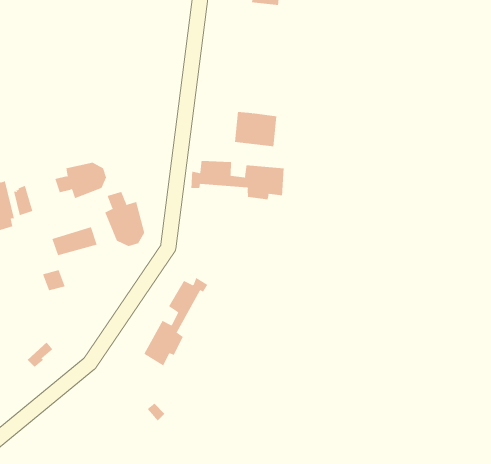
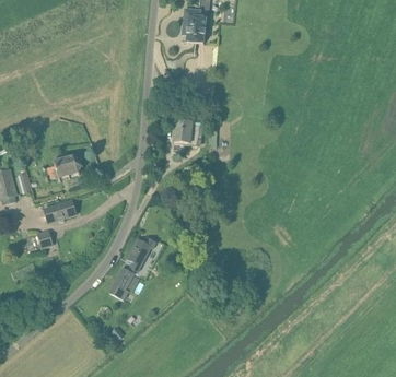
building: [191,160,284,200] -> none
building: [104,191,145,247] -> none

